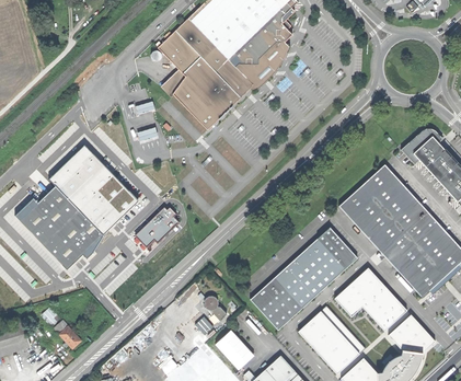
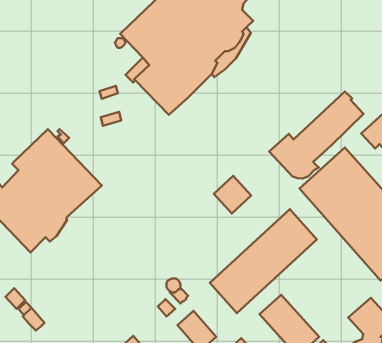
building: none -> [269,92,363,178]
building: none -> [214,176,251,213]
building: [135,207,180,249] -> none
building: [335,269,407,332] -> none

